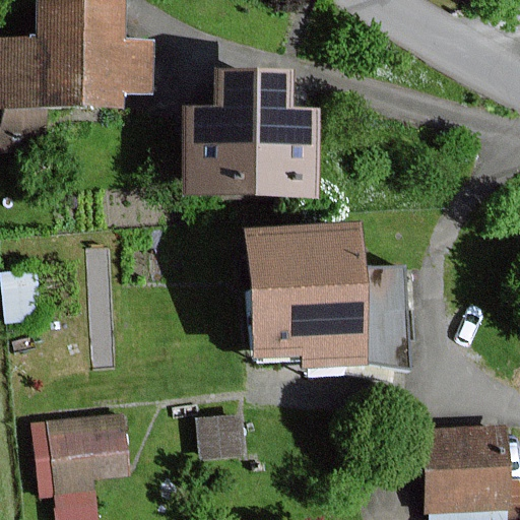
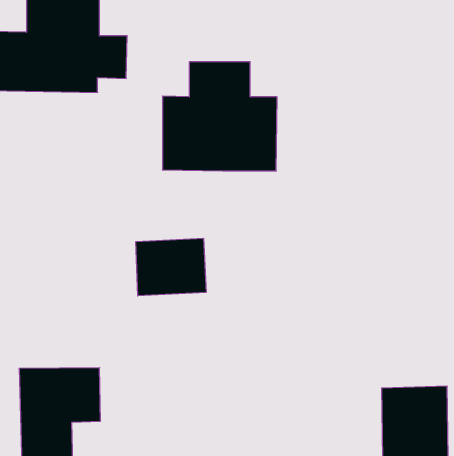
building: [254,229,403,368] -> none
building: none -> [136,238,206,296]

